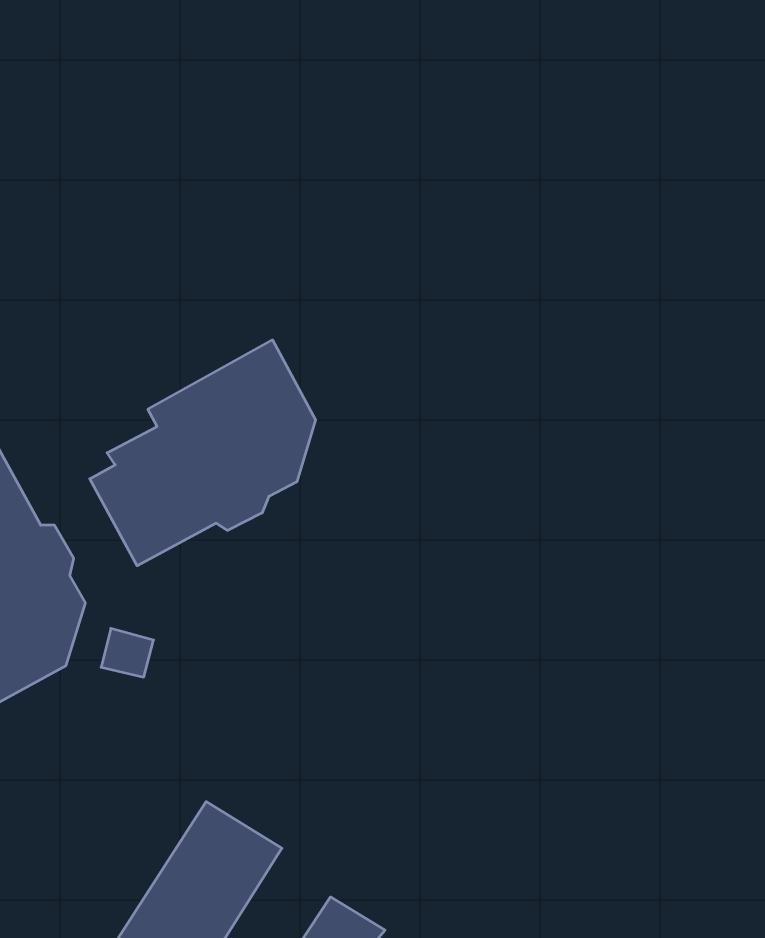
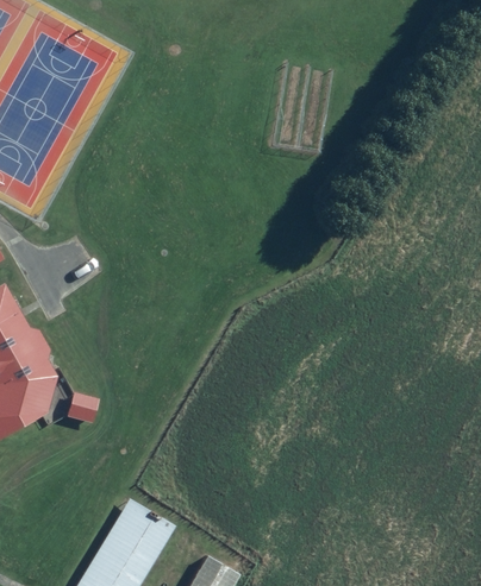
building: [90,340,316,566] -> none

